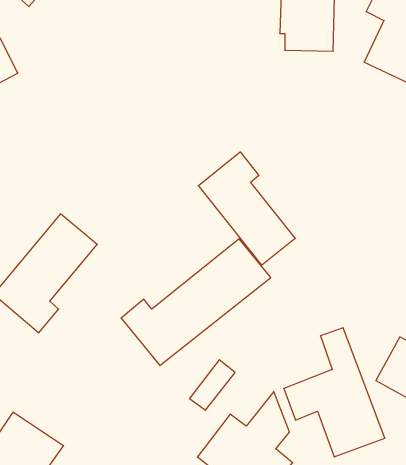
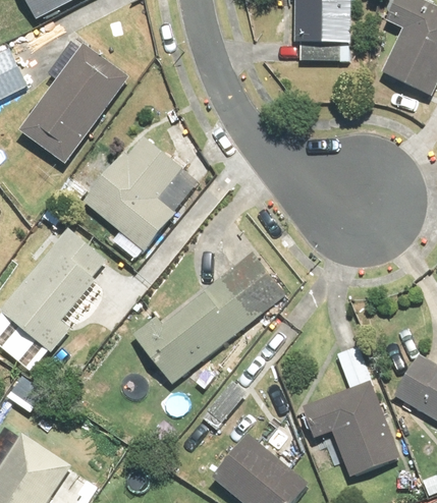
building: none -> [20,43,128,164]
building: none -> [83,137,181,250]
building: [198,152,295,265] -> none

